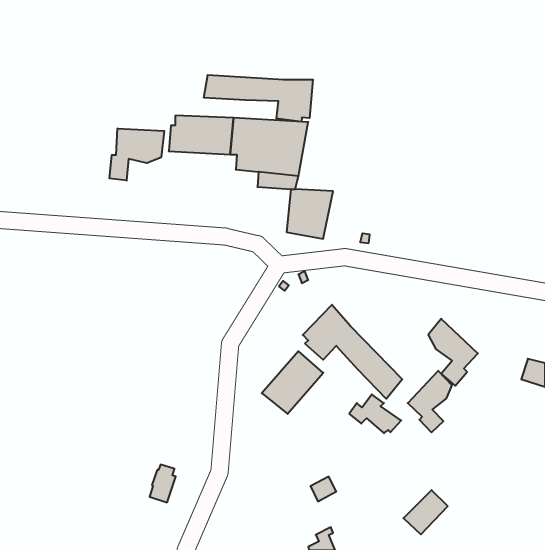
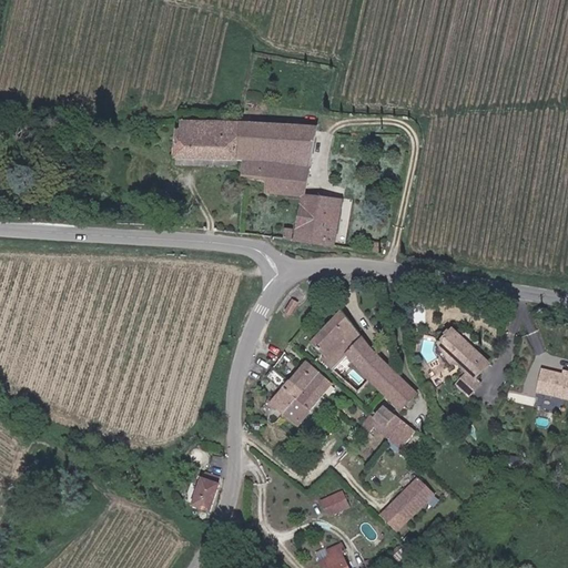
building: [204,75,313,122] -> none
building: [110,128,164,181] -> none
building: [408,371,452,432] -> none
building: [150,465,176,502] -> [190,473,216,511]
building: [403,490,448,534] -> [385,477,430,523]

